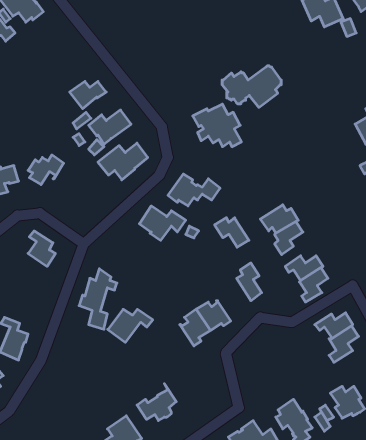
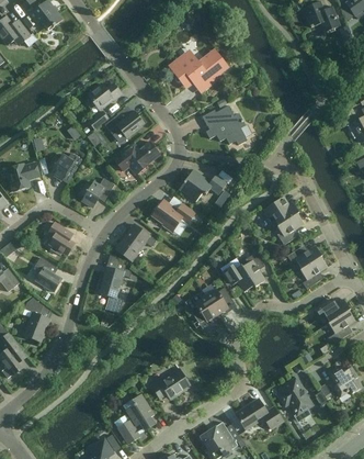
building: [222,66,281,107] -> [171,51,226,89]
building: none -> [81,177,114,206]
building: [215,218,249,247] -> [223,264,254,291]
building: none -> [34,256,62,291]
building: [108,309,153,342] -> [115,230,157,260]

